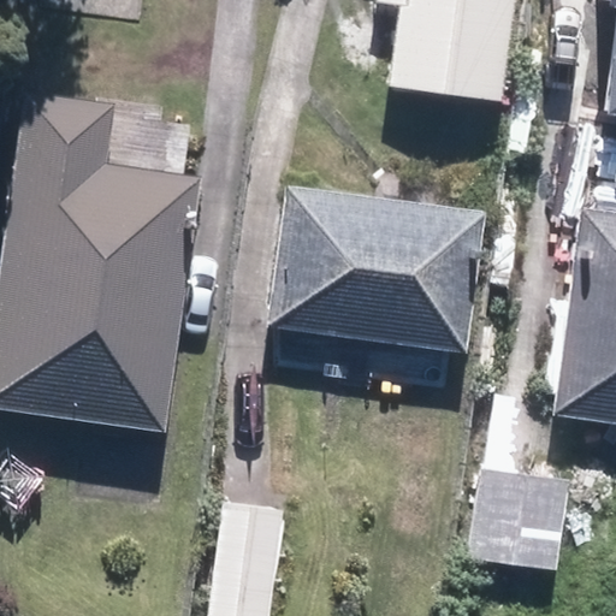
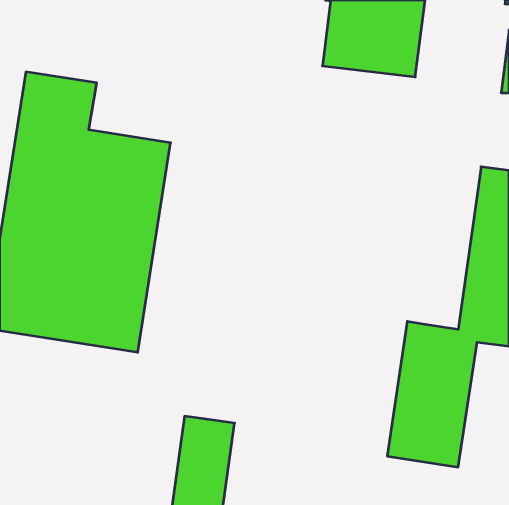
building: [263,185,491,354] -> none

